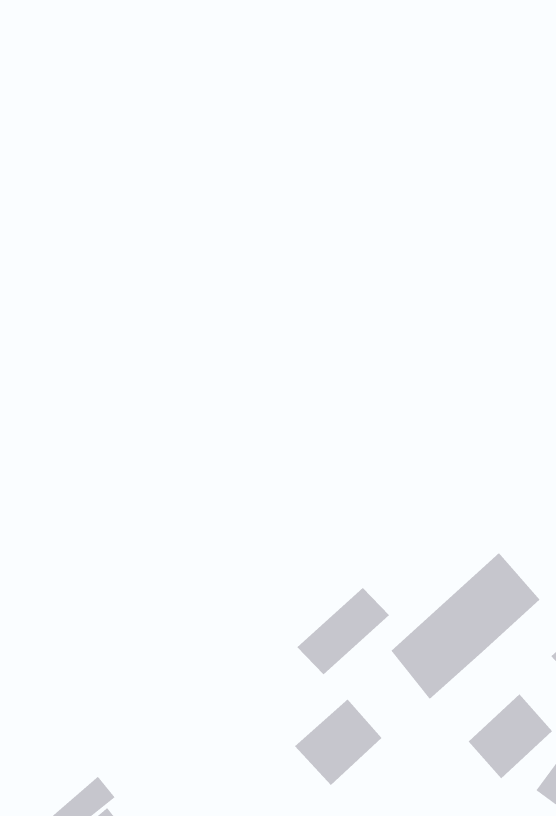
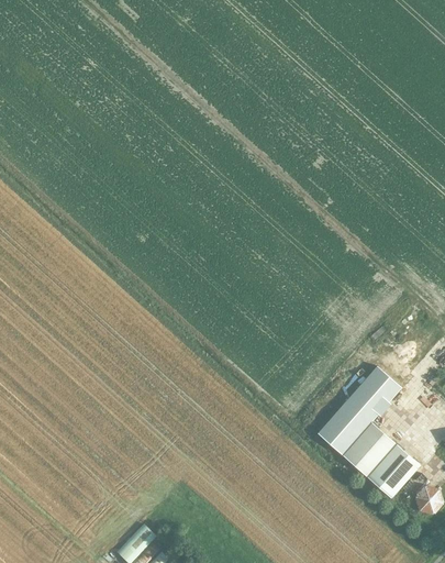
building: [296,587,390,675] -> none
building: [294,698,383,786] -> [342,422,396,477]

